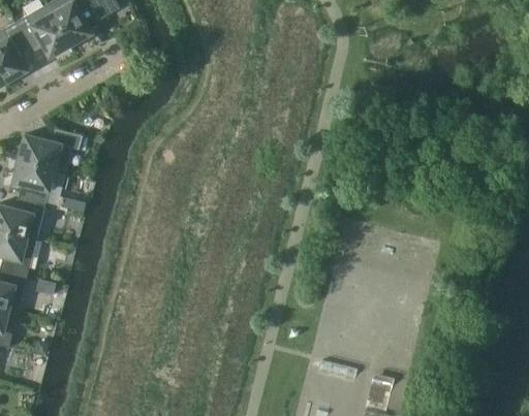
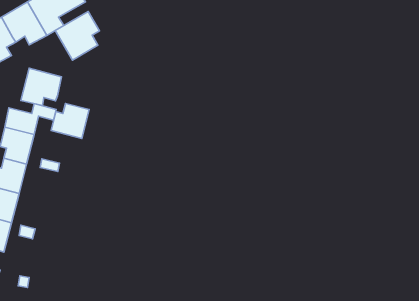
building: none -> [55,11,100,60]
building: none -> [21,68,62,105]
building: none -> [51,104,89,138]

